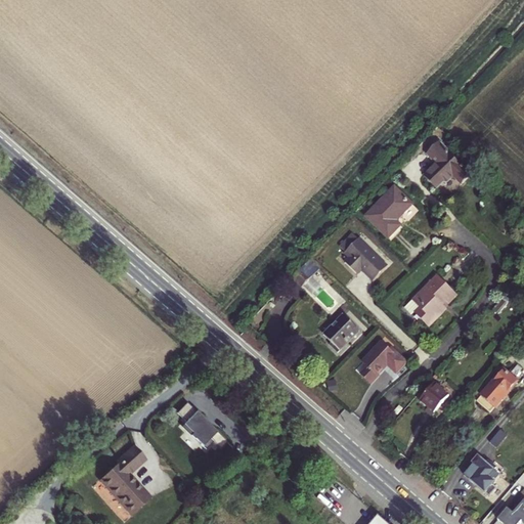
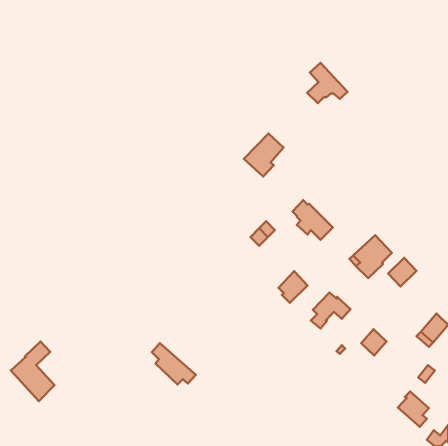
building: [418,134,465,181] -> [307,63,348,103]
building: [359,179,405,229] -> [244,133,284,177]
building: none -> [388,258,416,286]
building: [97,445,148,515] -> [11,341,55,401]

